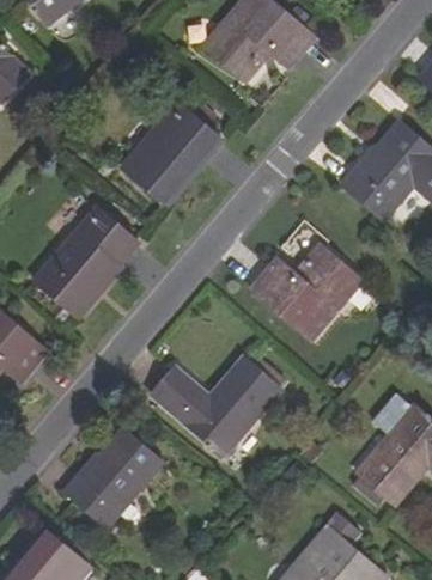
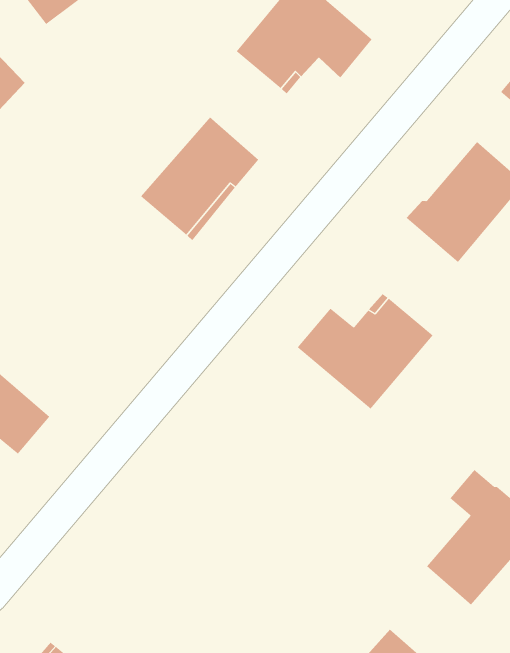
building: [32,206,138,316] -> none
building: [151,358,281,457] -> none
building: [65,429,163,529] -> none

